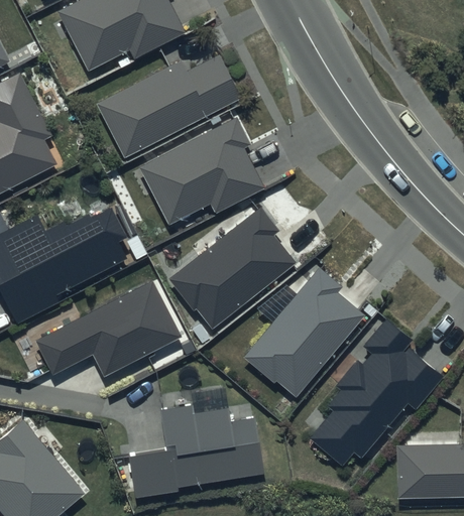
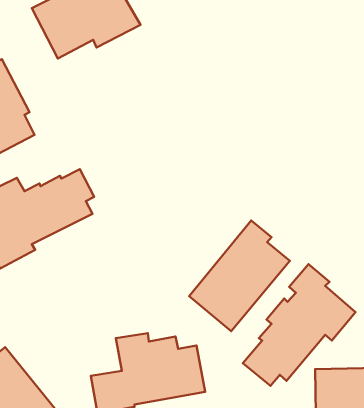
building: [97,54,241,158] -> none
building: [138,115,263,225] -> none
building: [168,207,297,329] -> none
building: [34,280,181,376] -> none

